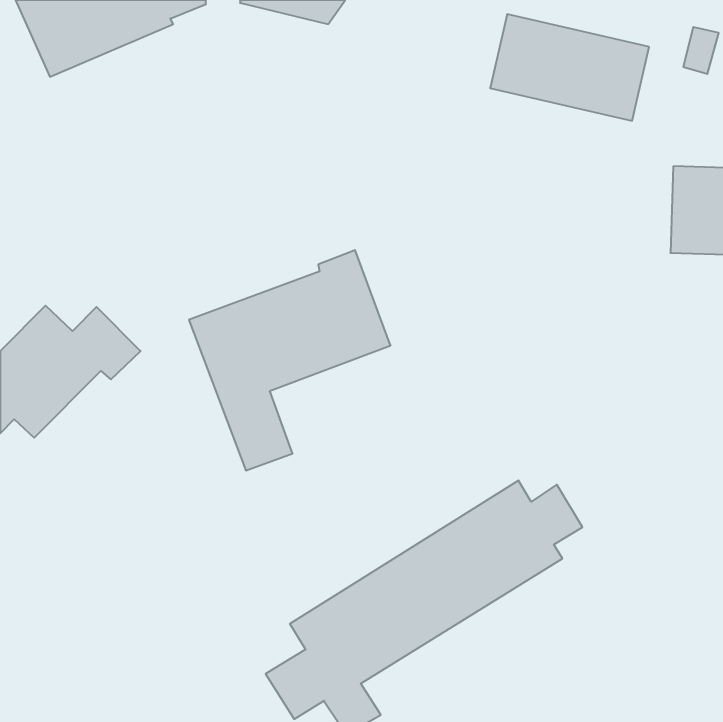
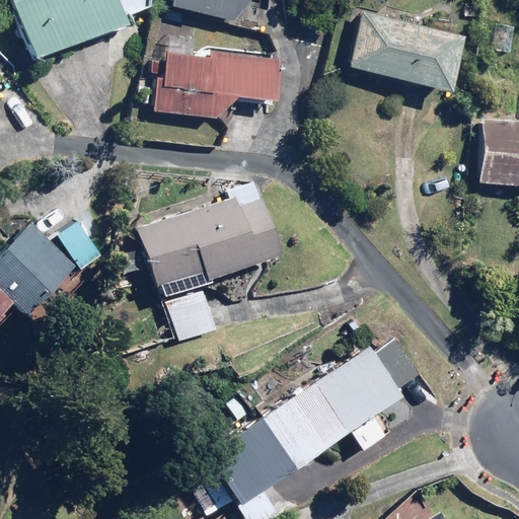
building: none -> [154,51,282,116]

